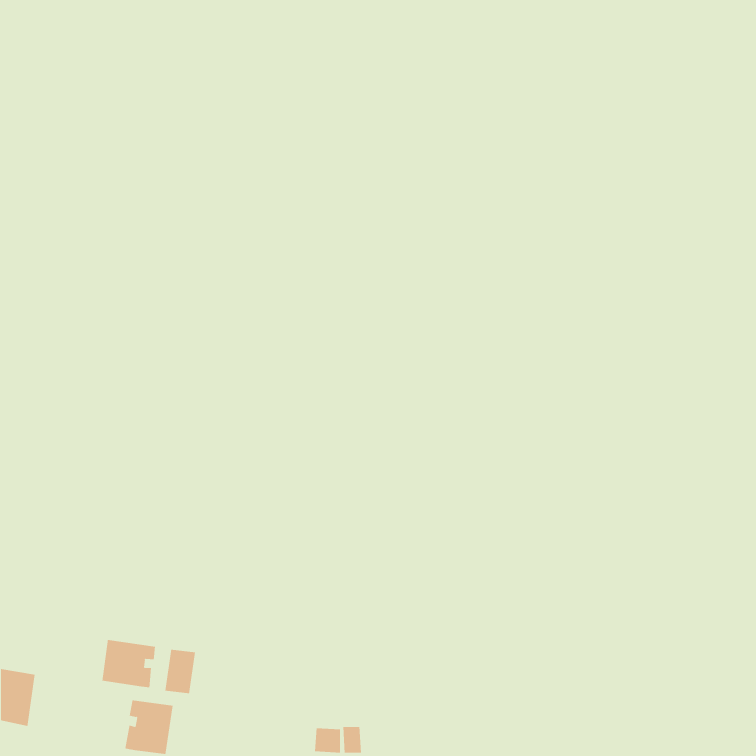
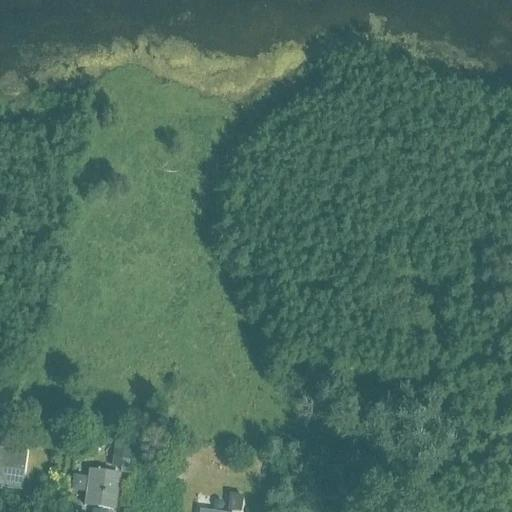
building: [102,639,155,688] -> none

